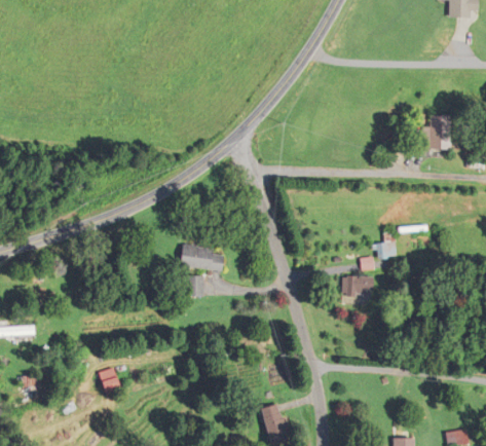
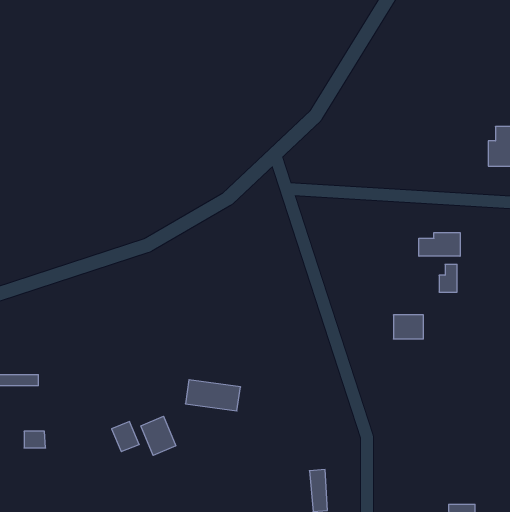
building: none -> [419,233,460,256]
building: [180,245,227,271] -> [185,380,241,411]
building: none -> [141,416,176,455]

